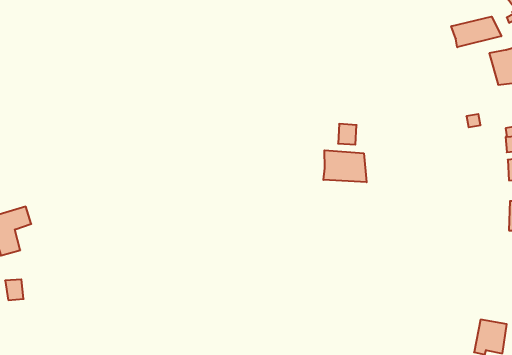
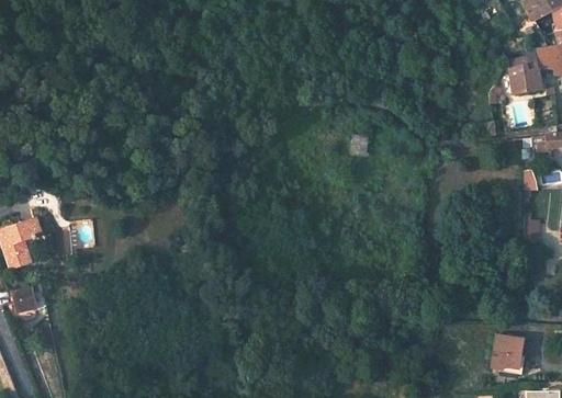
building: [451,17,501,47] -> none
building: [323,150,367,182] -> none

